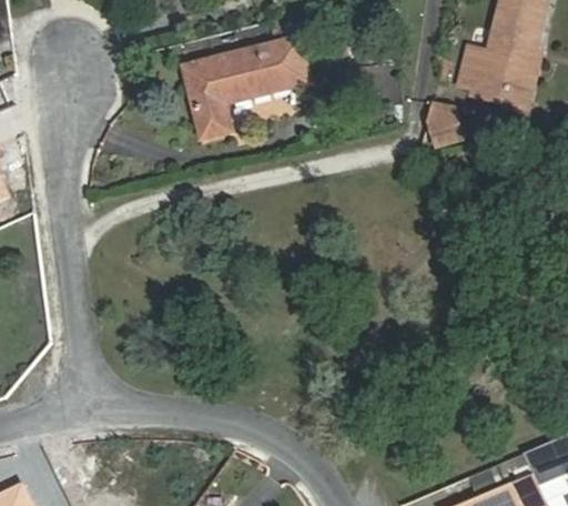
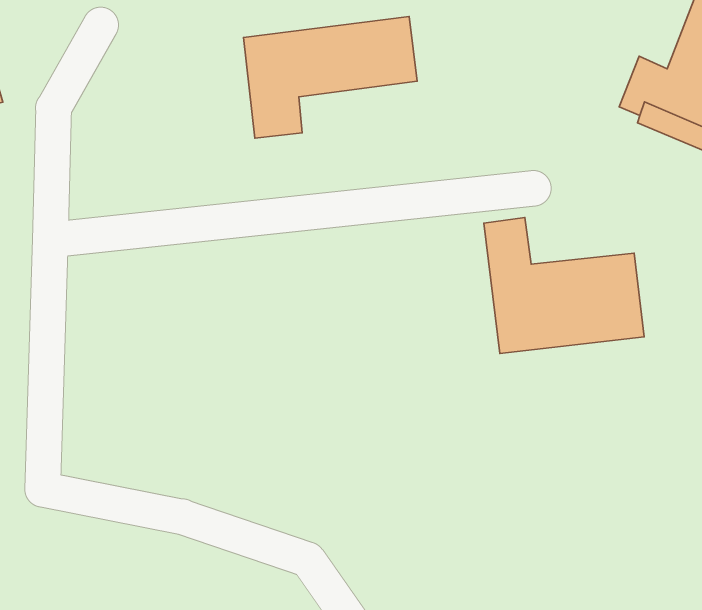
building: [420,100,462,149] -> none
building: none -> [484,218,644,354]

